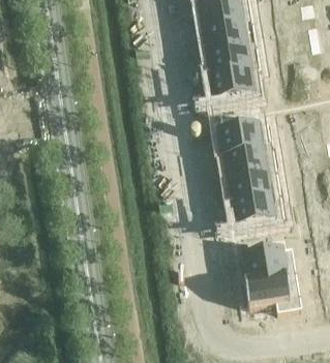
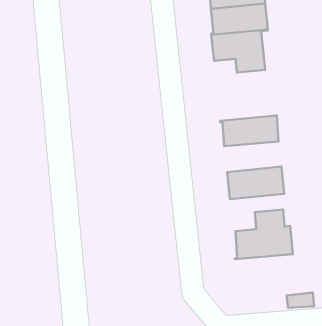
building: [214,109,270,152] -> none
building: [223,168,277,199] -> none
building: [240,270,298,309] -> none

